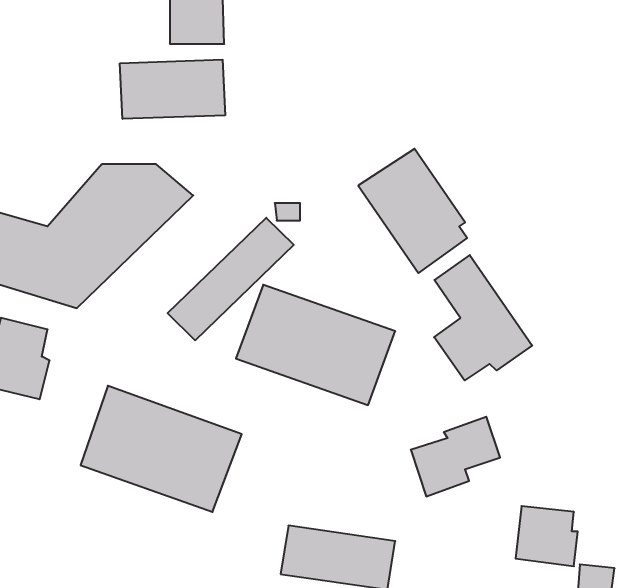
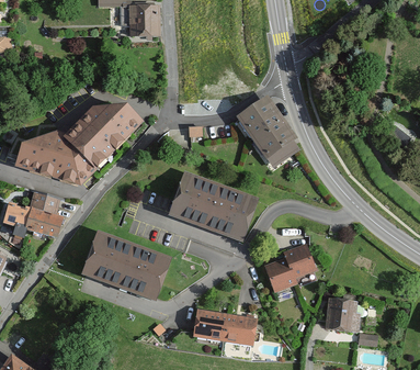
building: [120,60,225,119] -> none
building: [168,218,294,340] -> none
building: [434,255,532,380] -> none

